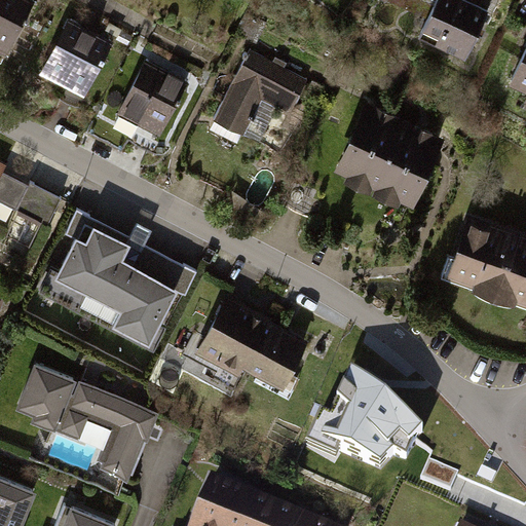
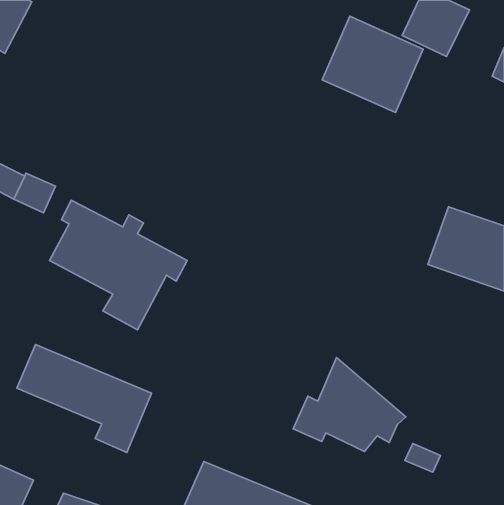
building: [41,29,108,101] -> none
building: [217,54,308,137] -> none
building: [118,68,185,140] -> none
building: [336,109,441,209] -> [322,16,423,112]
building: [179,293,305,399] -> none

